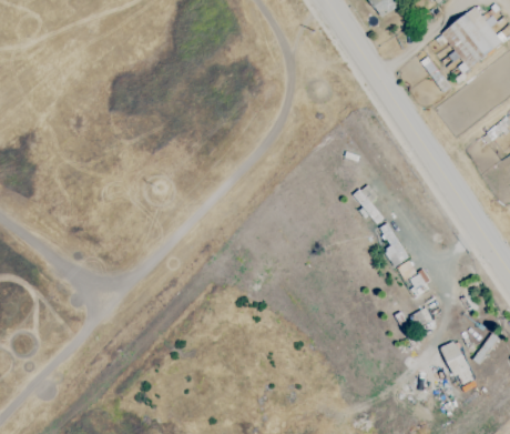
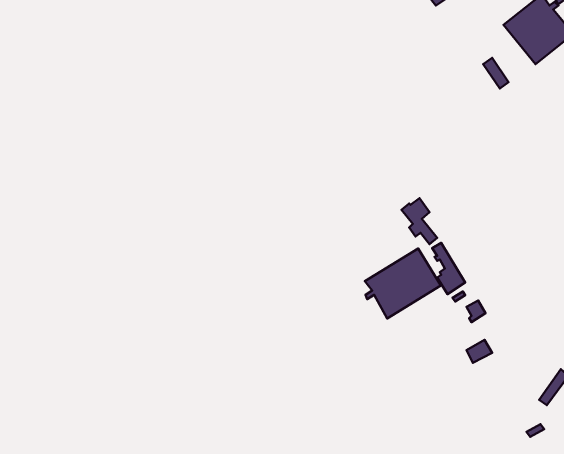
building: none -> [365,249,441,318]
building: [439,339,472,384] -> none

